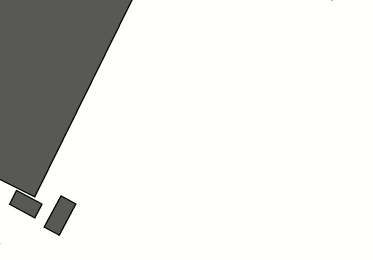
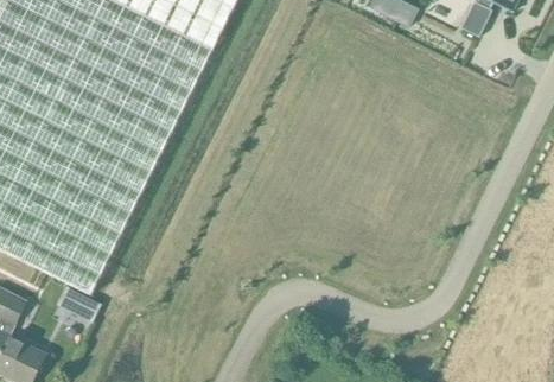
building: [44,196,76,235] -> none

